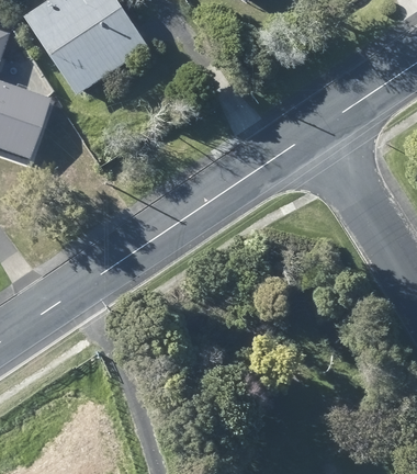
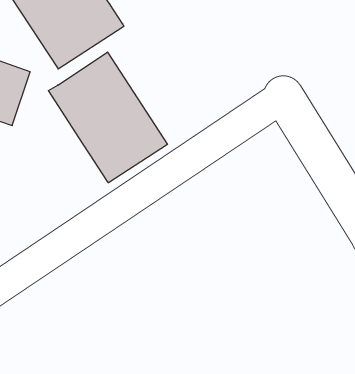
building: none -> [48,52,167,183]

